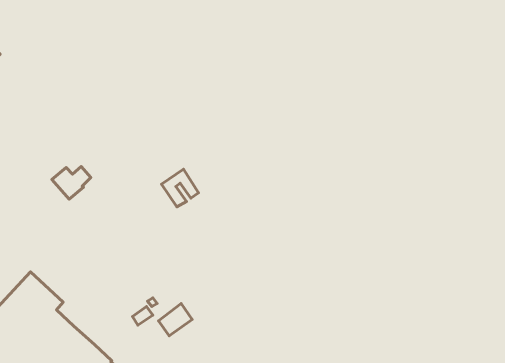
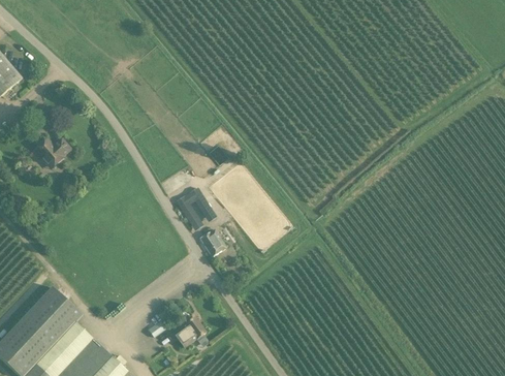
building: [52,167,91,199] -> [33,137,70,168]
building: none -> [199,228,225,256]

